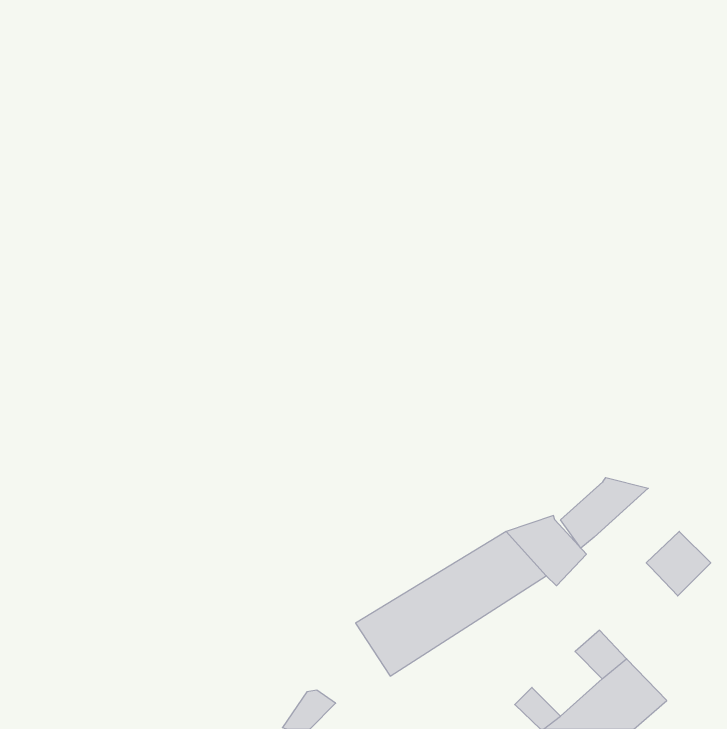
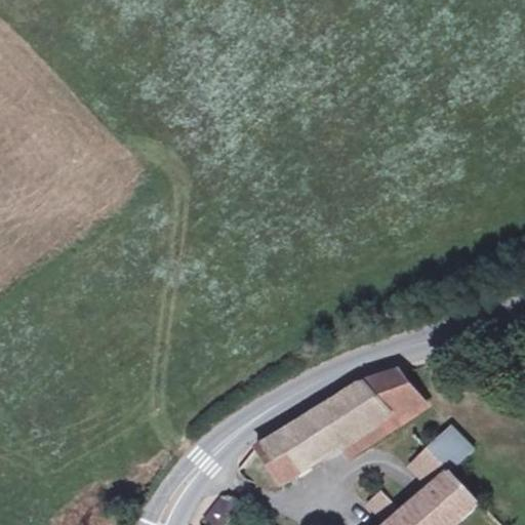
building: [561,478,648,548] -> none
building: [646,531,711,596] -> [426,426,472,472]

